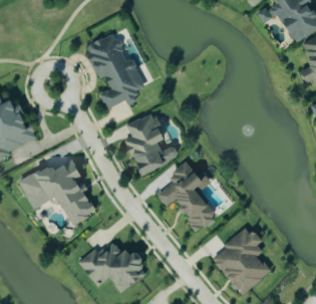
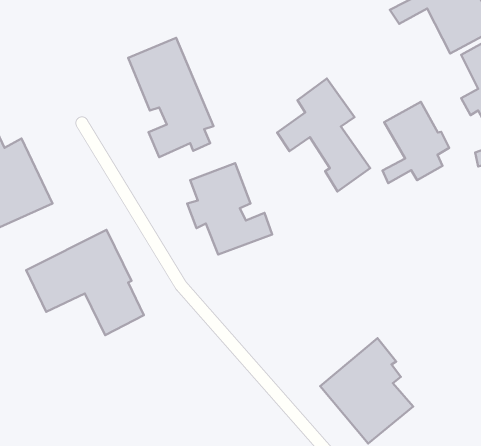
building: none -> [383,102,449,183]
building: [155,160,216,233] -> [277,78,370,191]
building: [77,243,145,292] -> none

